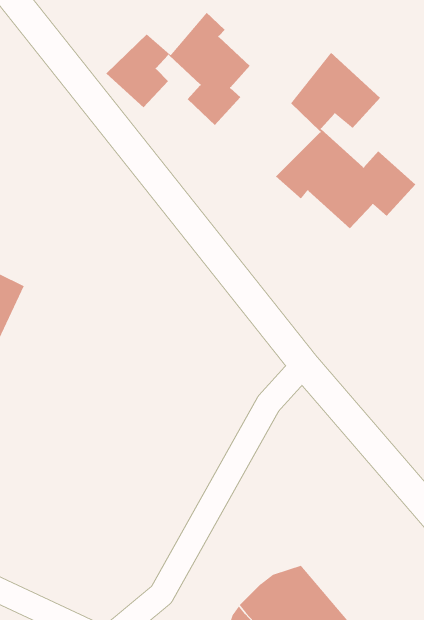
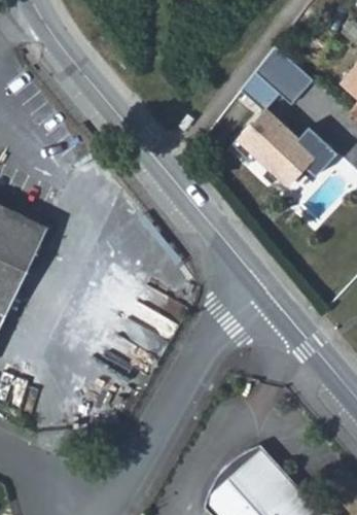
building: [105,12,251,126] -> none

